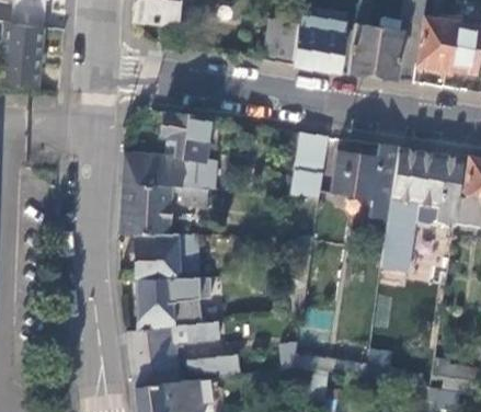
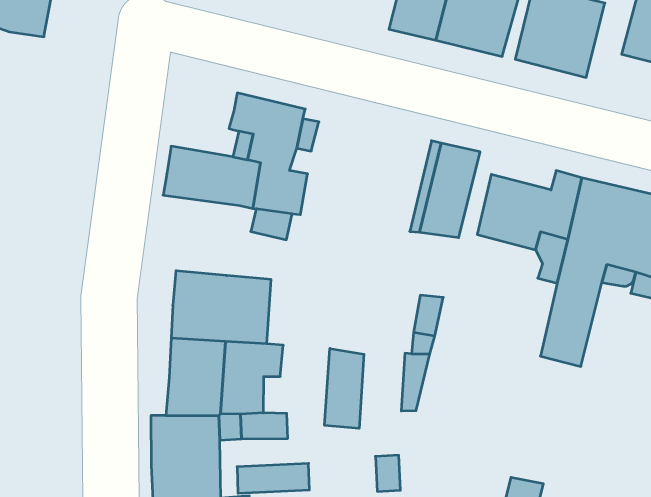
building: [121,184,174,233] -> none
building: none -> [325,348,364,428]

